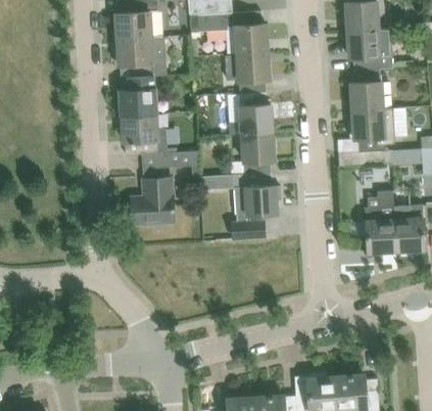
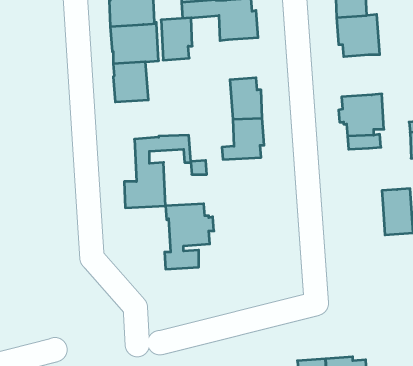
building: [236,51,268,94] -> [161,18,192,60]
building: [349,69,382,111] -> none
building: [122,115,165,155] -> none
building: [230,173,280,239] -> [165,204,214,269]
building: [365,191,395,253] -> none

